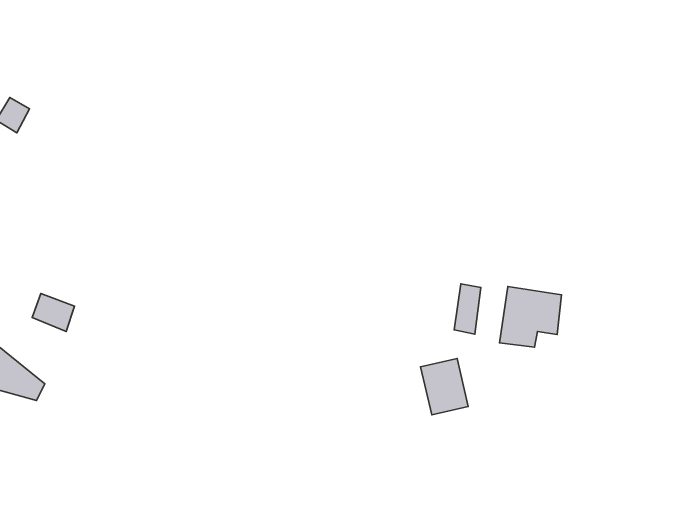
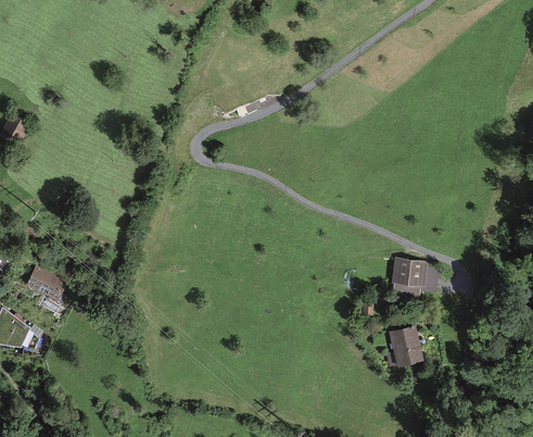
building: [454,284,481,334] -> none
building: [420,359,468,415] -> [388,325,424,369]

